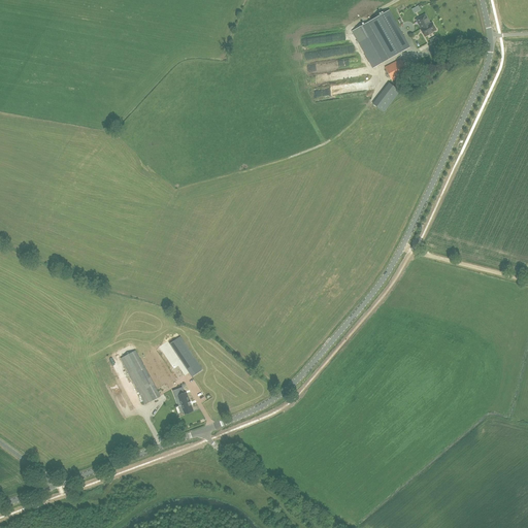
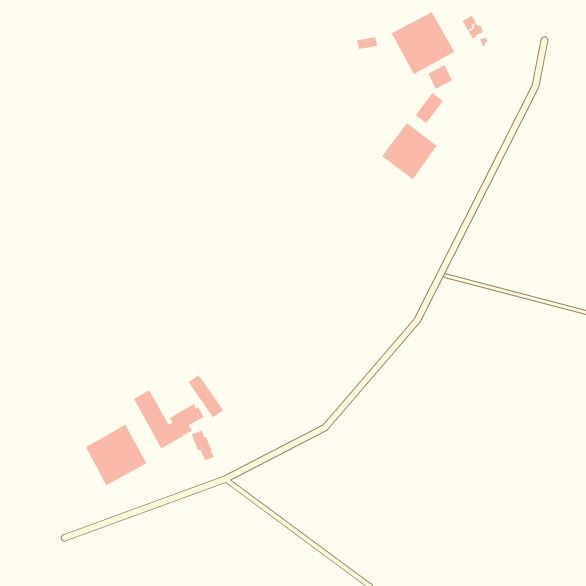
building: none -> [381,122,438,180]
building: none -> [85,424,147,486]

